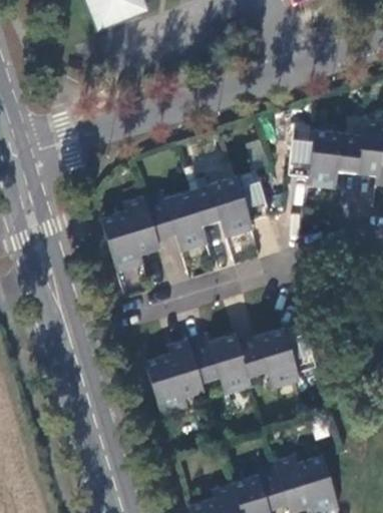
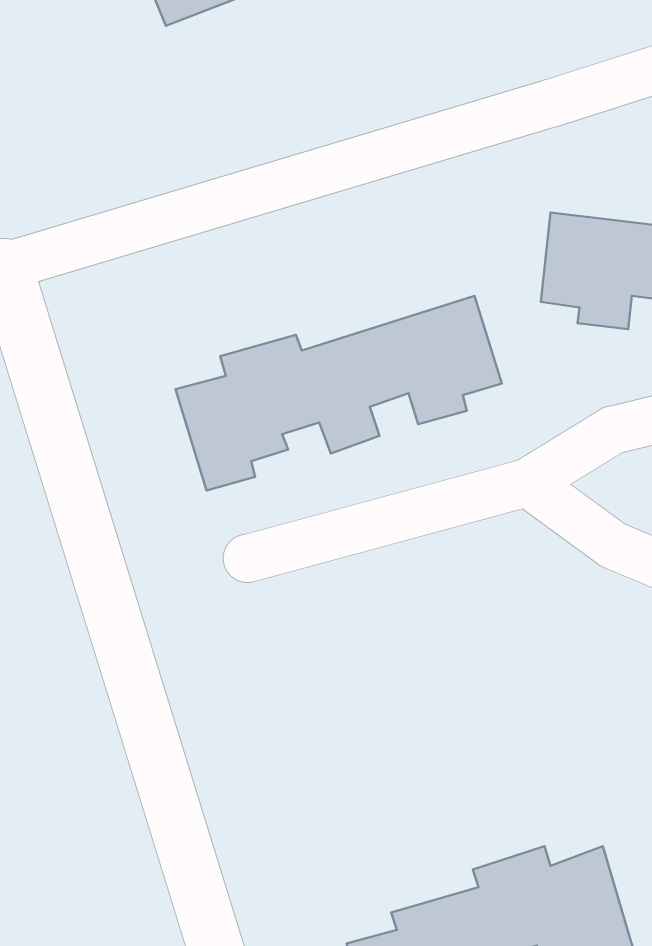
building: [145,325,316,417] -> none

